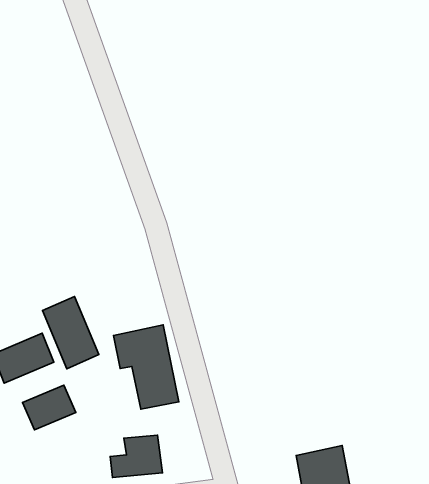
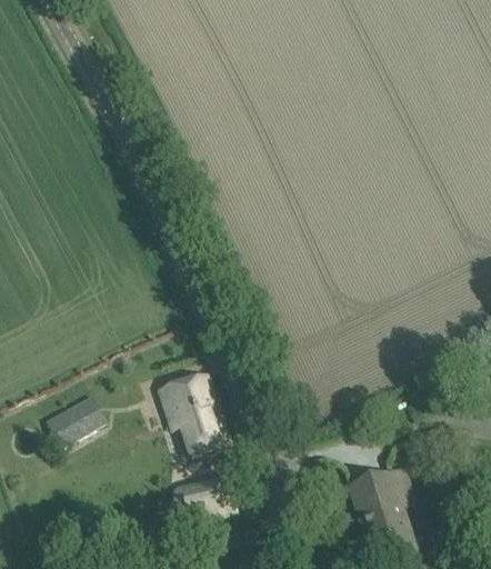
building: [42,296,99,369] -> none
building: [23,385,76,430] -> none

